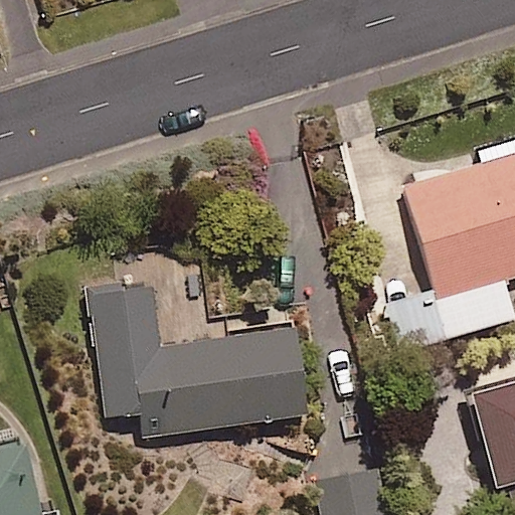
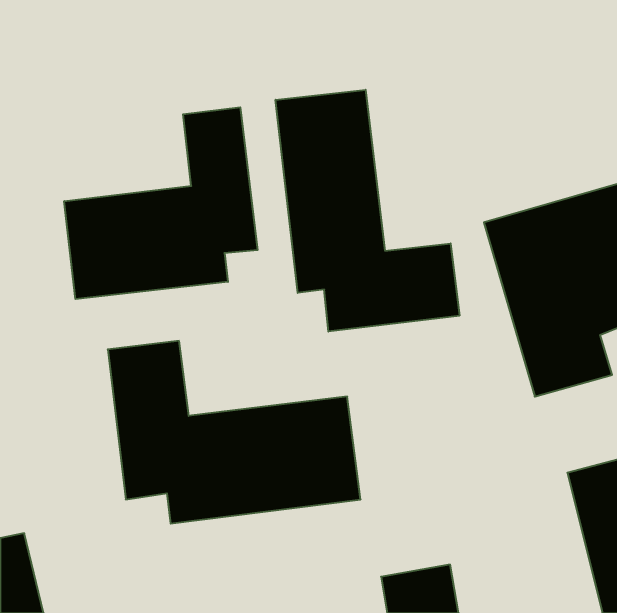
building: none -> [276,90,459,332]
building: none -> [64,107,258,299]

